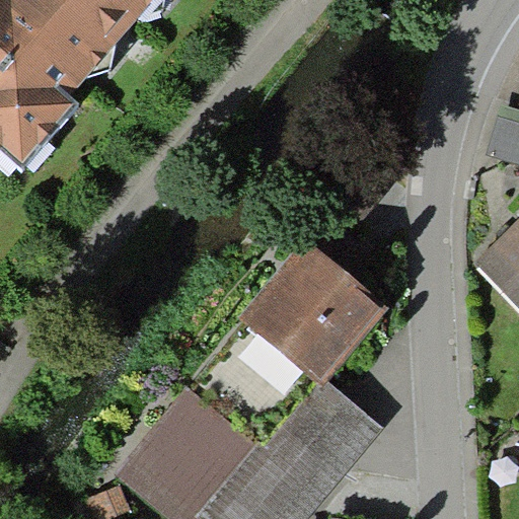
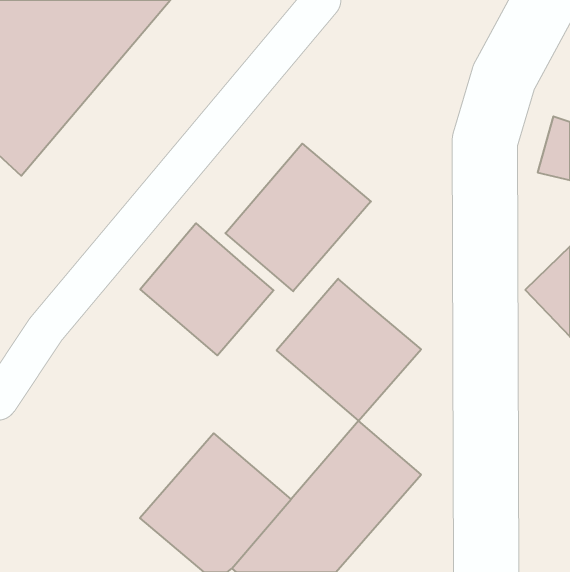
building: none -> [225,144,371,291]
building: none -> [140,223,274,355]

